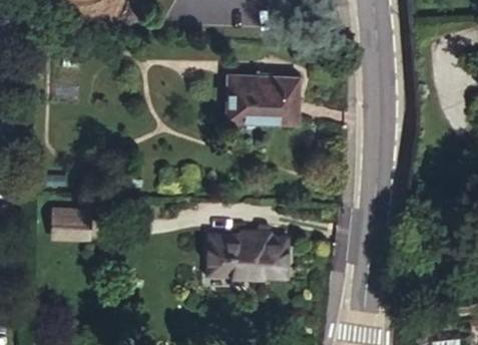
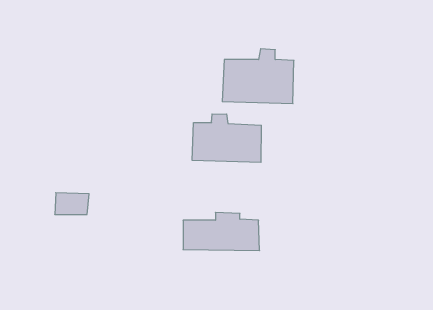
building: none -> [192,114,261,162]

